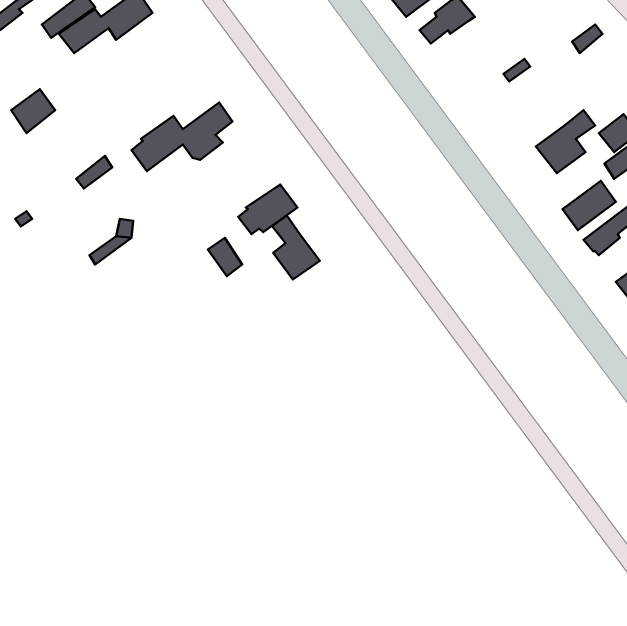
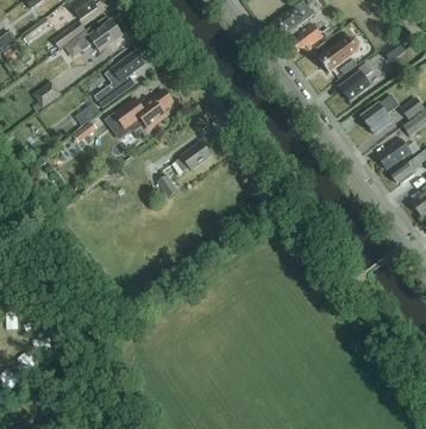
building: none -> [318,37,359,72]
building: none -> [94,50,145,107]
building: none -> [339,62,372,100]
building: [272,215,320,279] -> none

